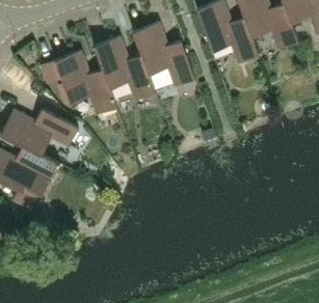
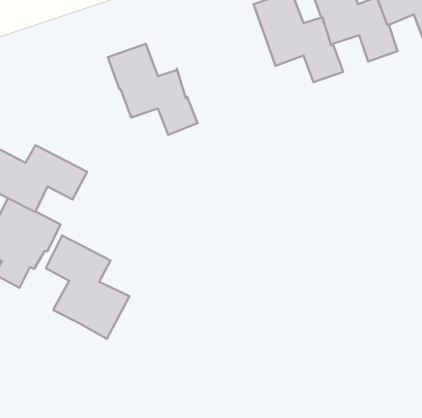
building: [132,23,194,87] -> none
building: [54,51,116,115] -> none
building: none -> [46,235,129,339]

